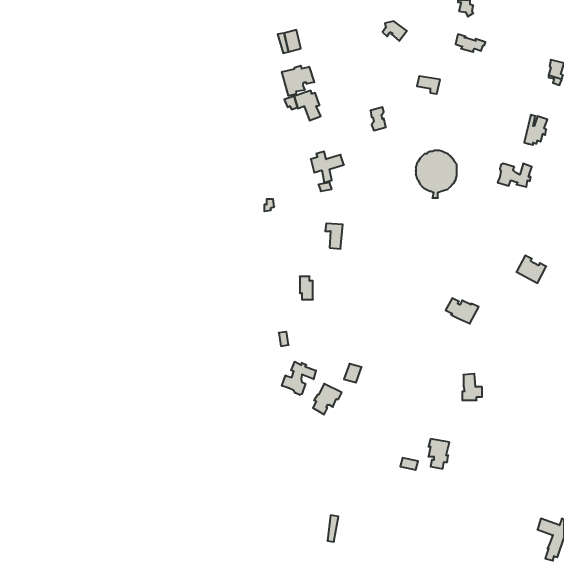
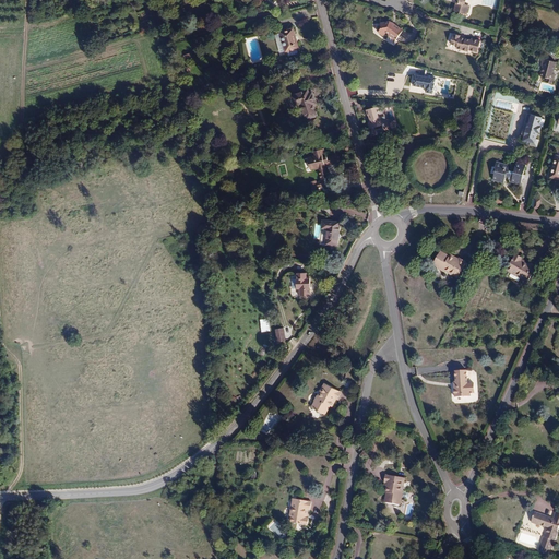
building: [282,66,314,96] -> none
building: [446,298,479,324] -> [436,251,468,276]
building: [282,362,316,395] -> none
building: [428,439,449,469] -> [382,471,403,500]
building: none -> [287,495,310,522]

